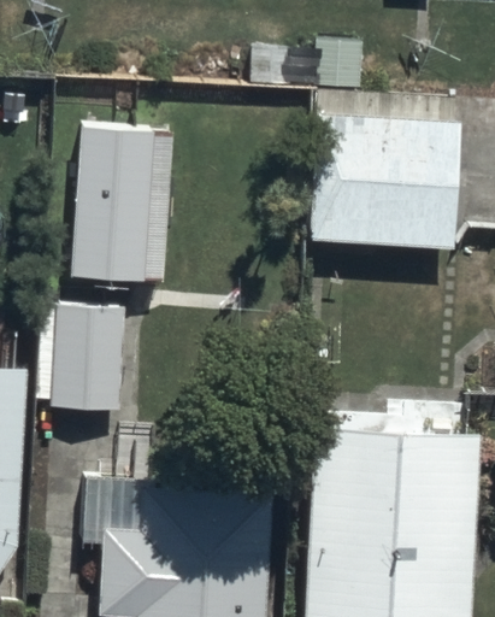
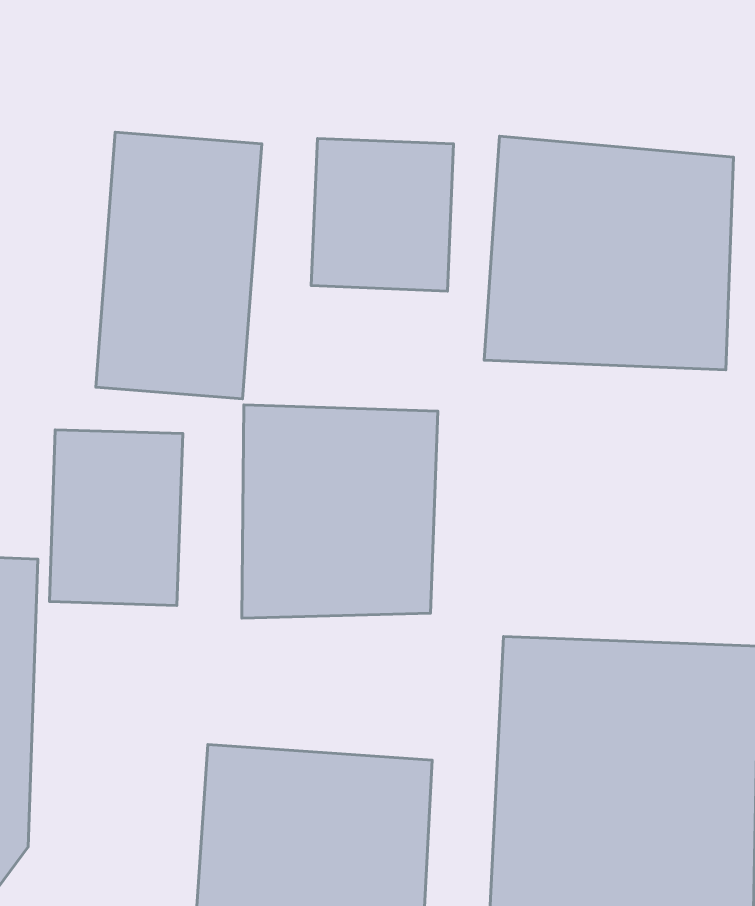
building: none -> [311,139,454,291]
building: none -> [242,405,438,618]

